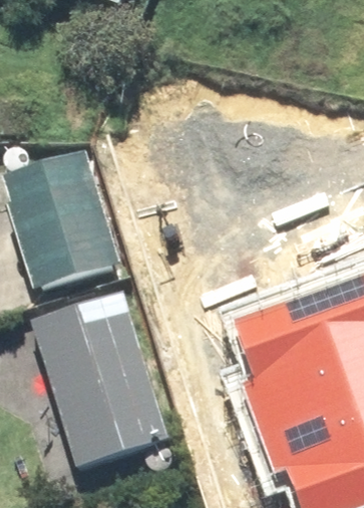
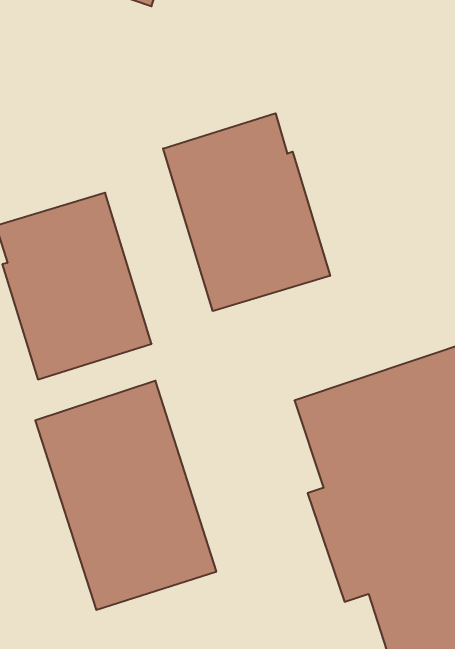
building: none -> [163,113,330,311]

